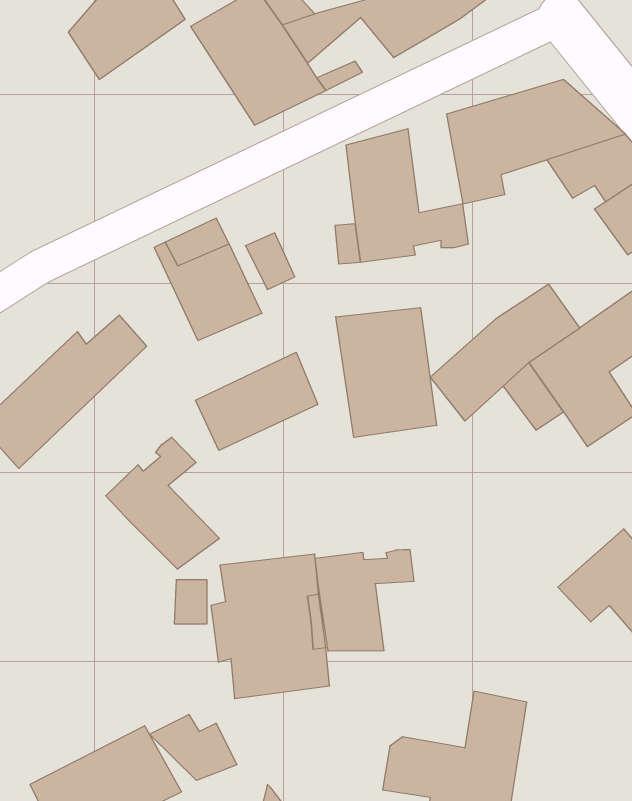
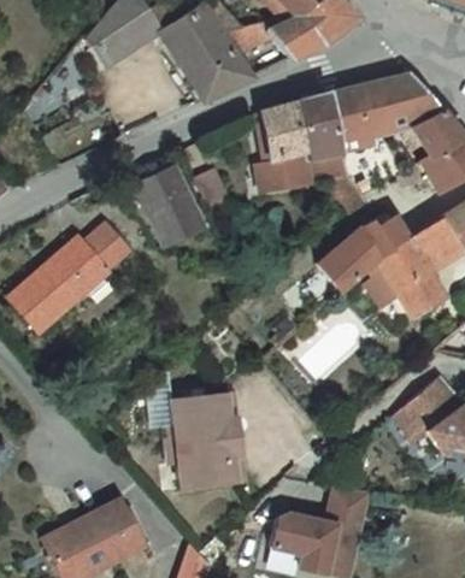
building: none -> [299,96,335,161]
building: [336,308,437,437] -> none
building: [195,352,318,450] -> none
building: [106,437,219,569] -> none
building: [315,549,414,651] -> none
building: [150,714,237,780] -> none

